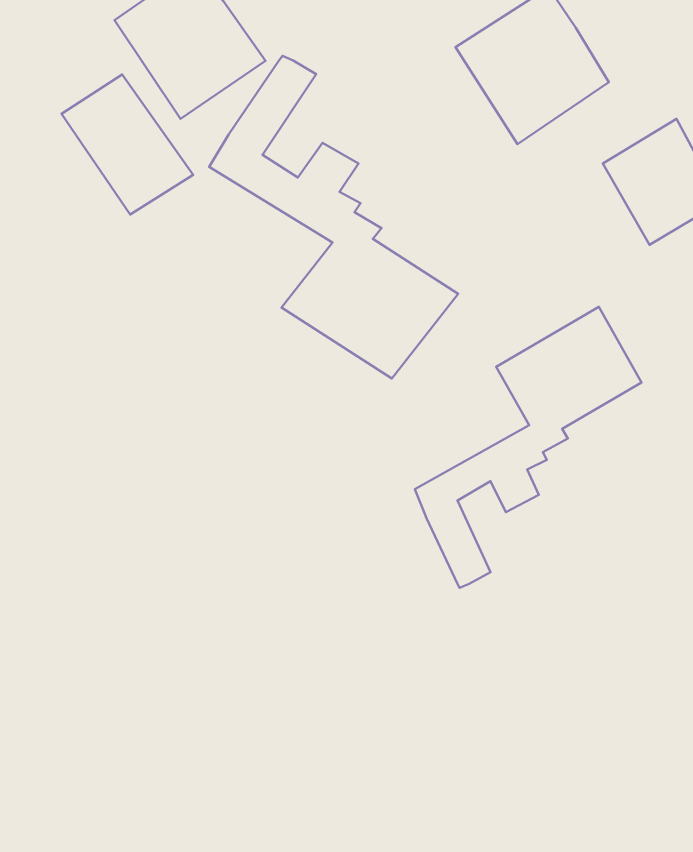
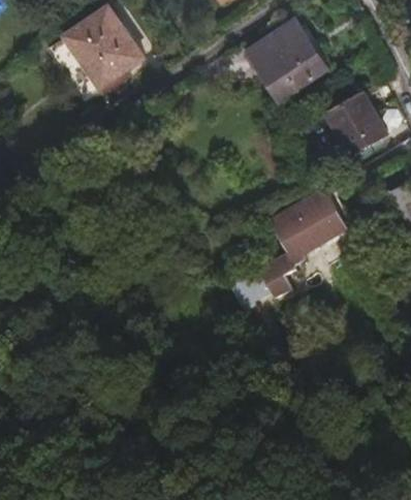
building: [209,56,458,378] -> none
building: [61,75,193,214] -> none

